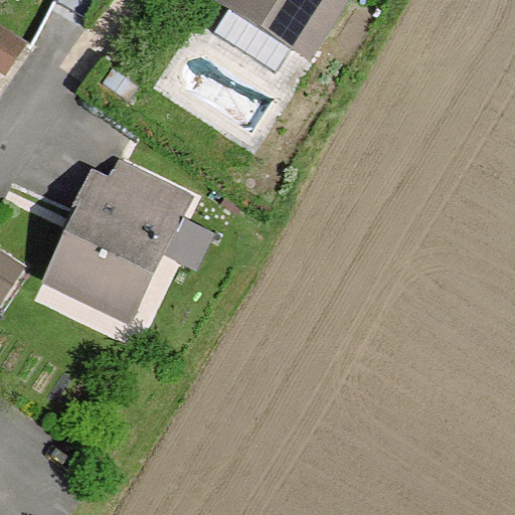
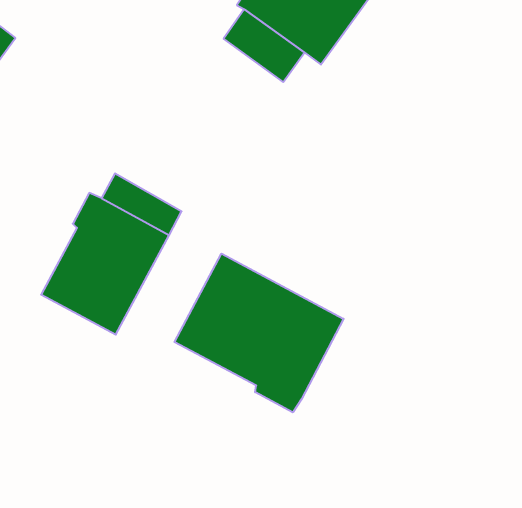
building: none -> [174,254,344,412]

